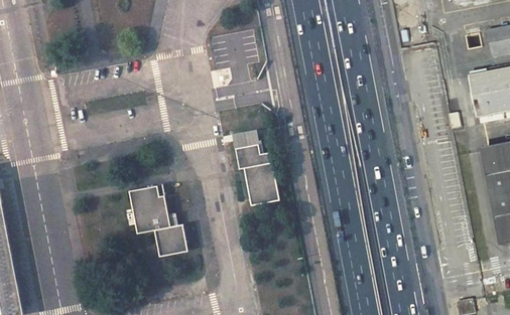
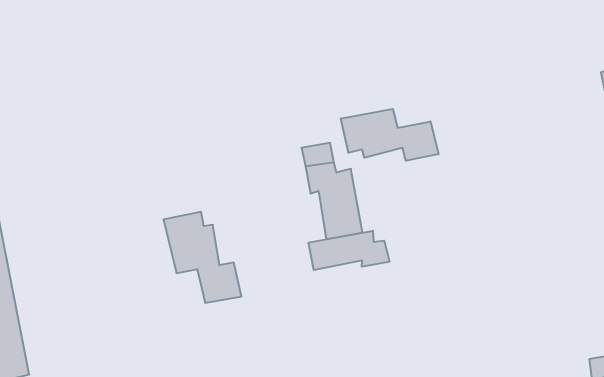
building: none -> [341,109,439,161]
building: none -> [309,231,390,270]

